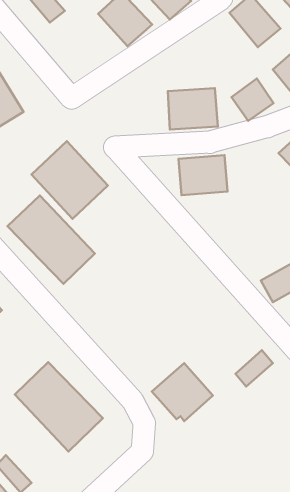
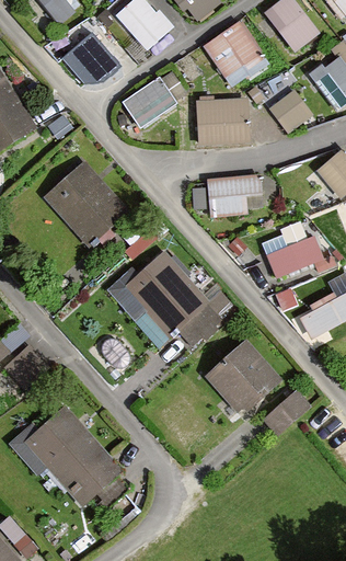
building: none -> [203,23,260,79]
building: none -> [64,31,123,82]
building: none -> [122,75,180,129]
building: [8,196,95,284] -> [123,250,220,348]
building: none -> [265,234,322,278]
building: [152,363,213,421] -> [212,343,280,408]

